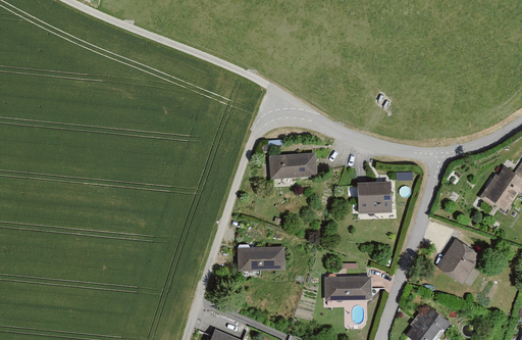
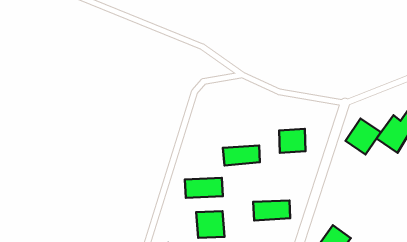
building: [267,153,314,179] -> [223,145,260,166]
building: [435,236,480,282] -> [345,118,381,155]
building: none -> [196,211,224,238]

